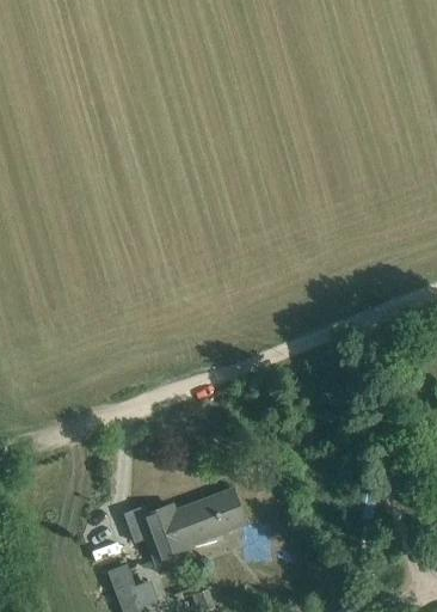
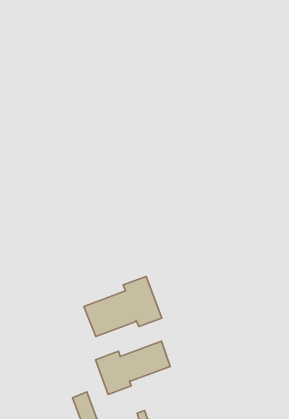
building: none -> [84,276,162,336]

